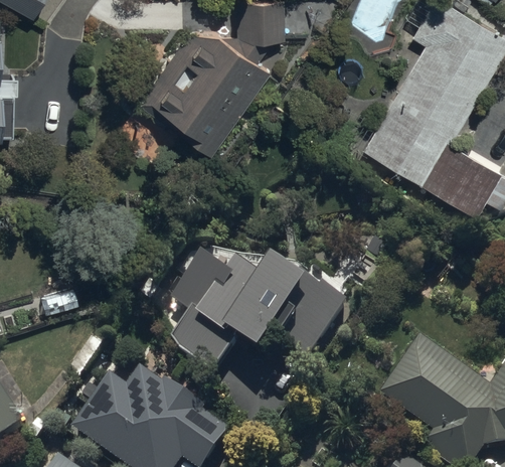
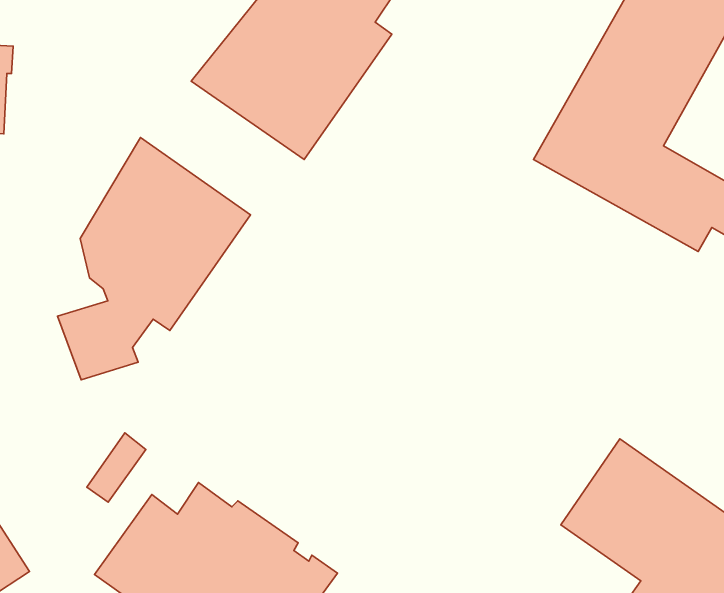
building: none -> [58,137,250,380]
building: [170,254,346,370] -> none

